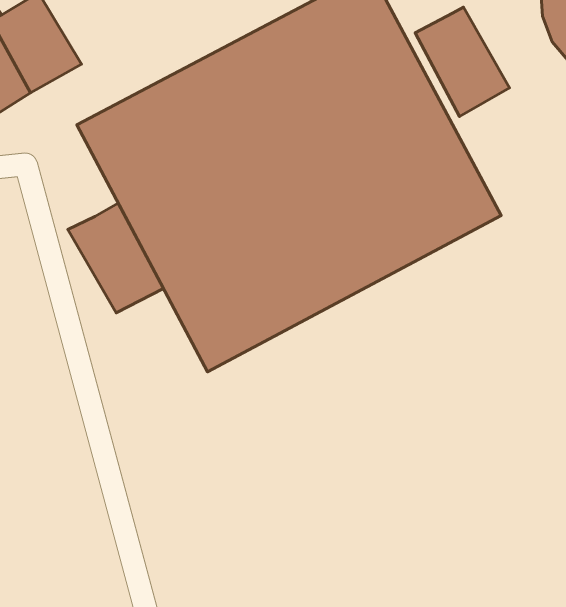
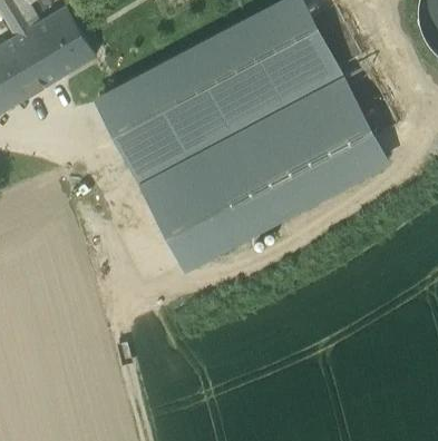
building: [415,7,510,117] -> none
building: [68,203,163,313] -> none

